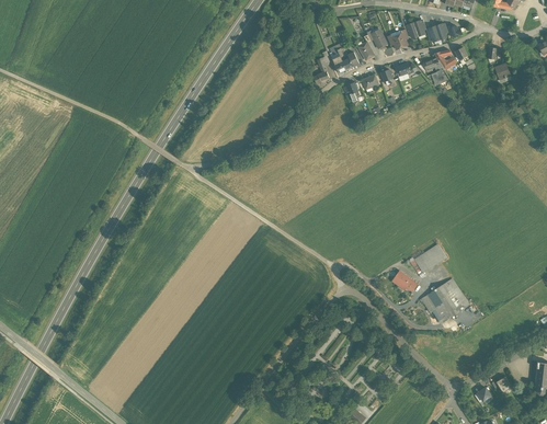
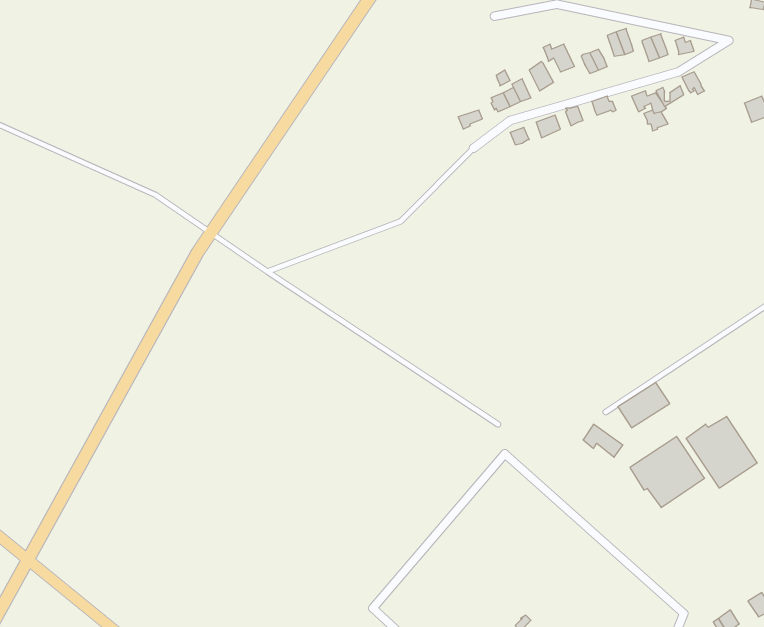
building: none -> [686,416,757,488]

